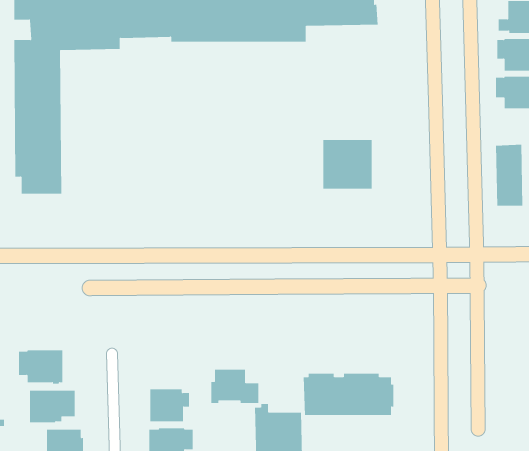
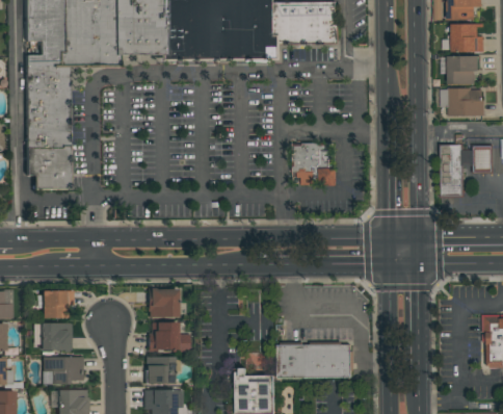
building: none -> [147,288,177,317]
building: none -> [41,290,73,318]
building: [211,369,259,403] -> [147,322,188,352]

